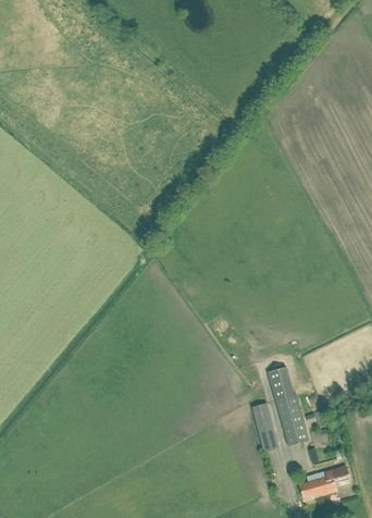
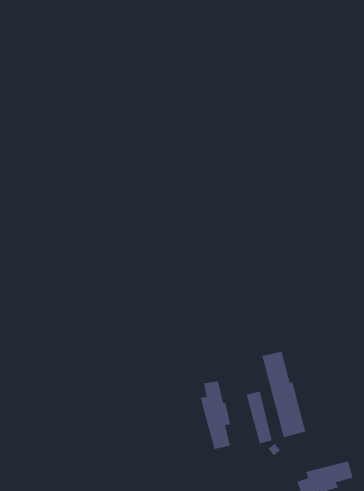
building: none -> [200,381,231,450]

